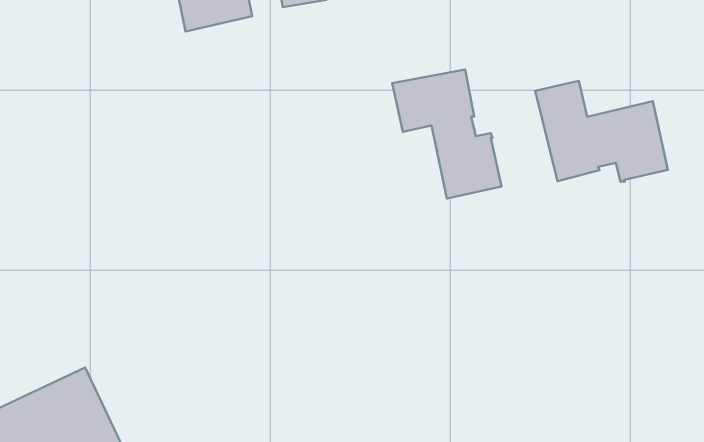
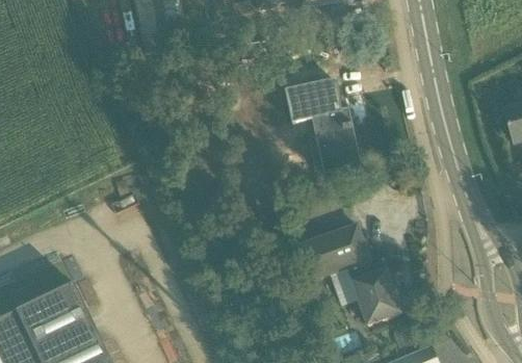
building: [535,81,668,182] -> none
building: none -> [302,224,401,323]

